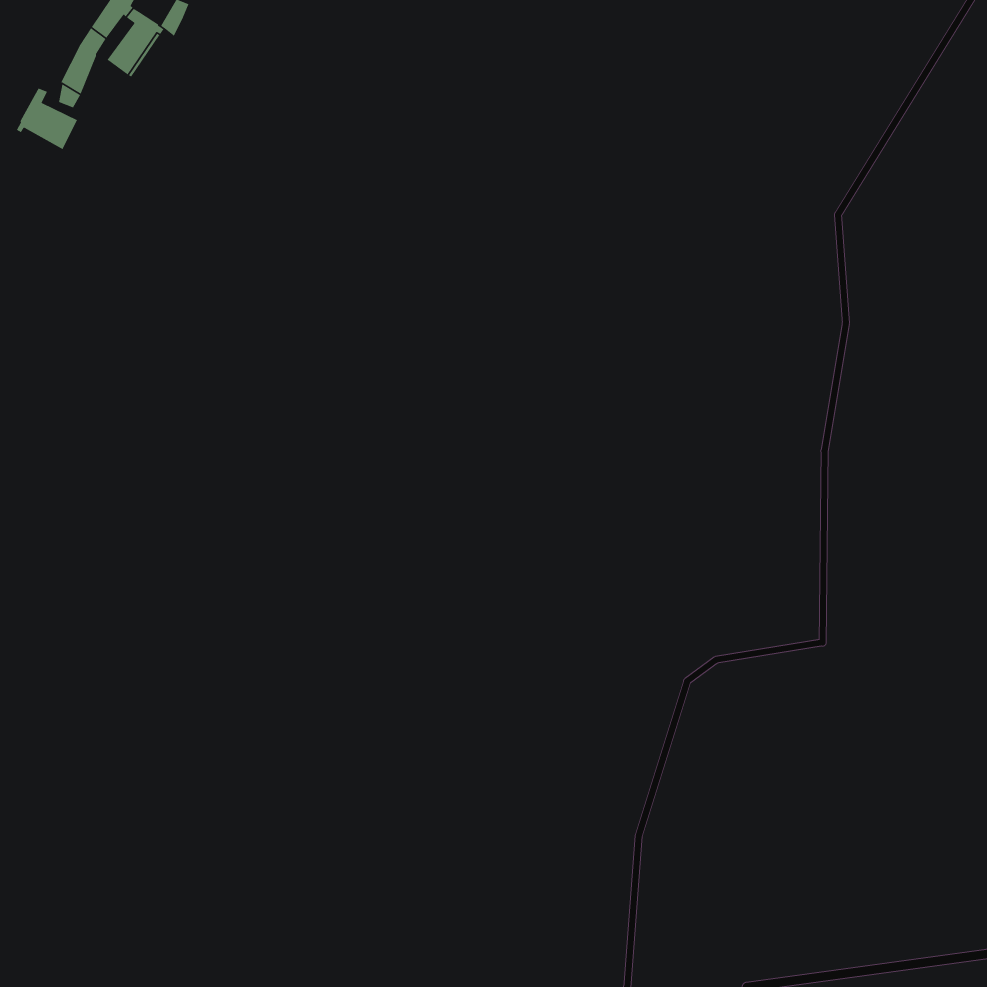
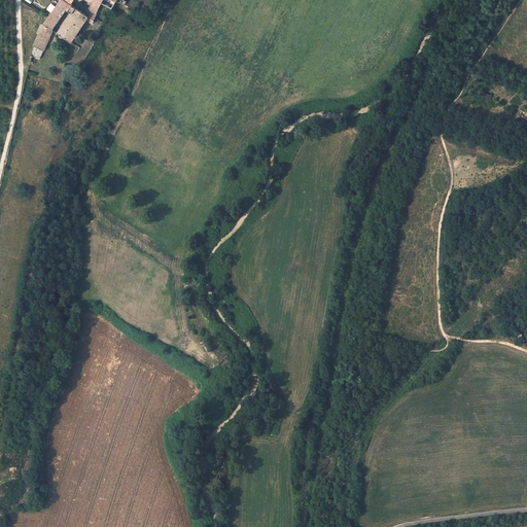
building: [16,87,78,150] -> none

